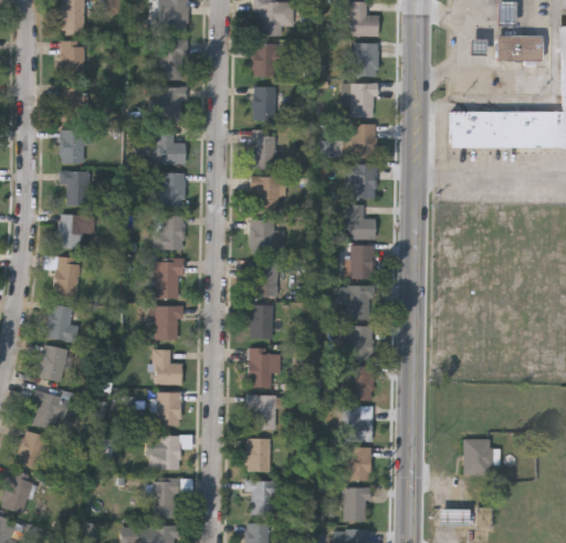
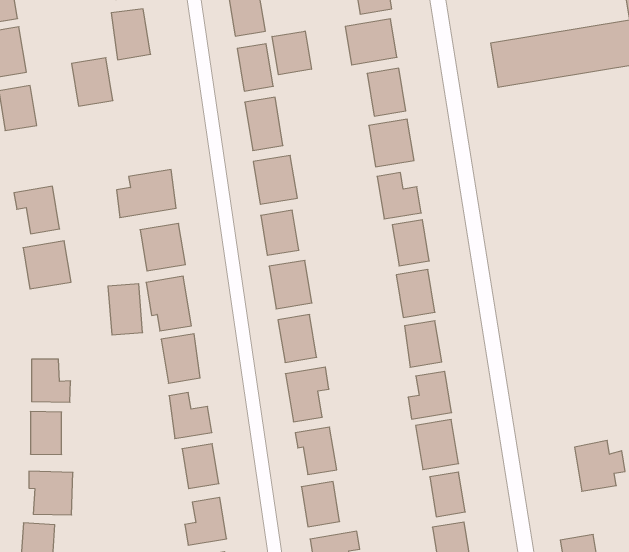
building: none -> [272,31,311,75]
building: [157,86,185,121] -> [72,58,113,106]
building: [60,129,84,163] -> none
building: [151,138,185,164] -> none
building: [53,255,81,296] -> [108,284,143,335]

